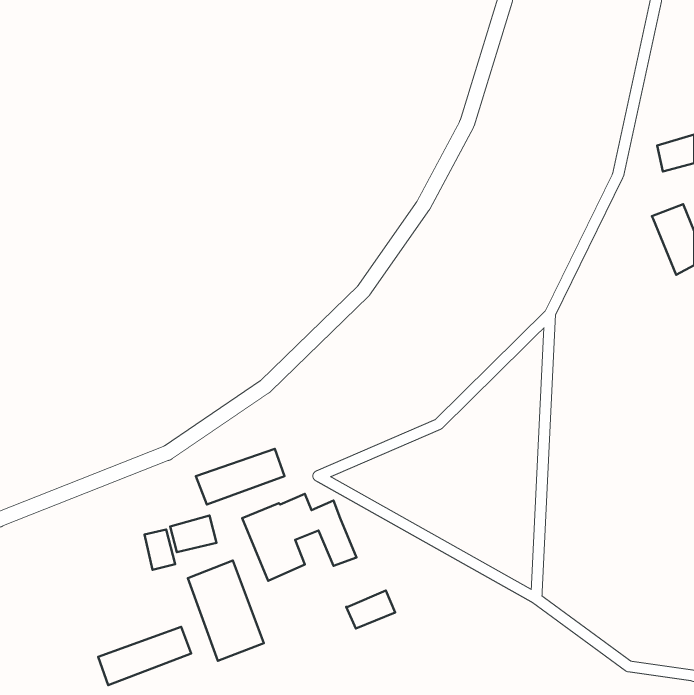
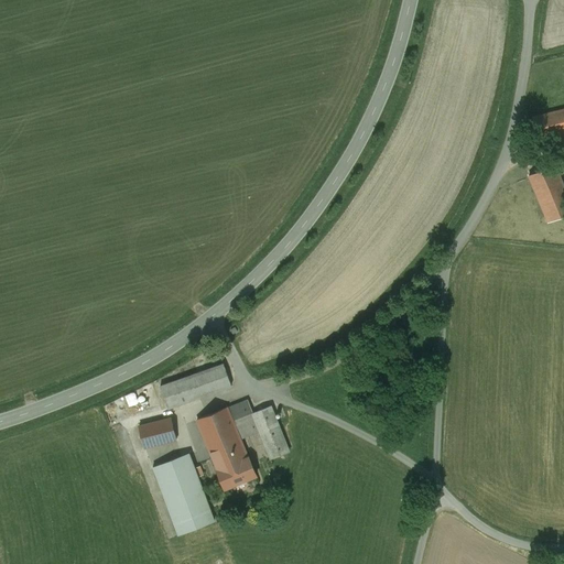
building: [145,529,175,570] -> none
building: [346,591,395,629] -> [216,457,256,488]
building: [98,627,191,685] -> none

